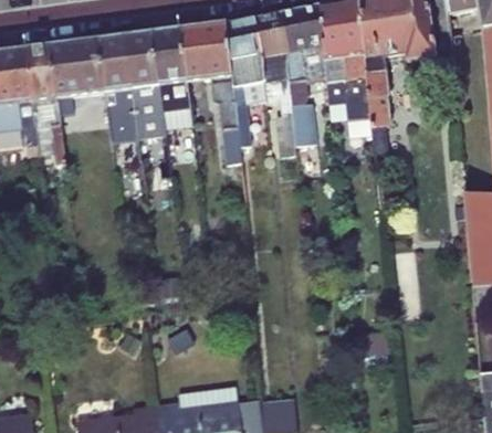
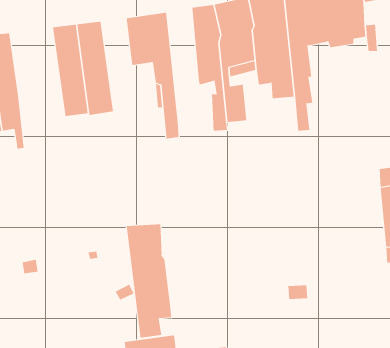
building: [227,15,262,145] -> none
building: [153,28,190,109] -> none
building: [50,38,105,115] -> none
building: none -> [126,224,172,338]

